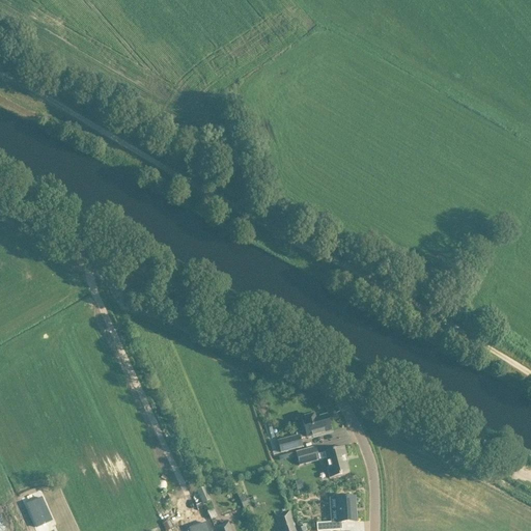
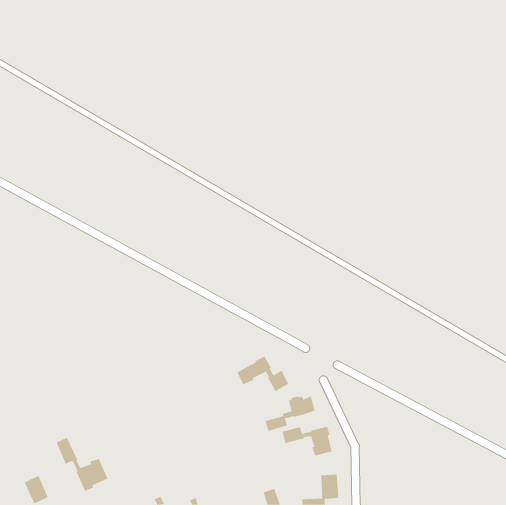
building: none -> [236,355,289,392]
building: none -> [56,437,108,492]

